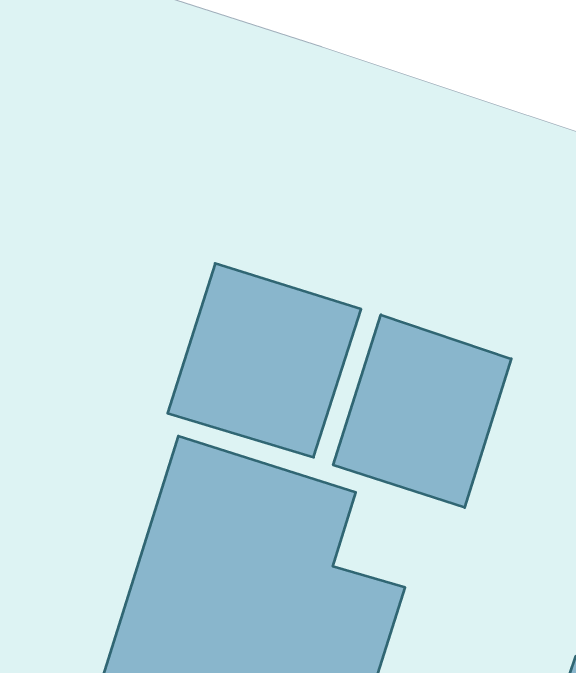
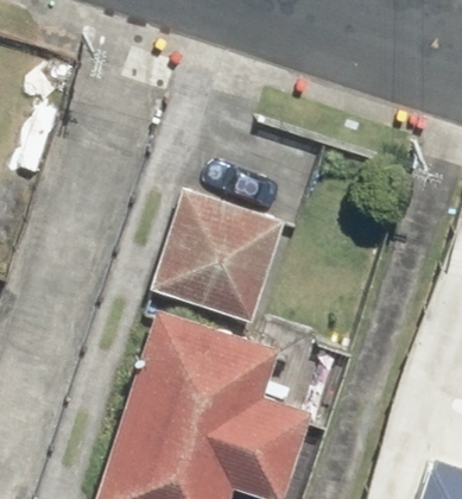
building: [333,315,511,508] -> none

